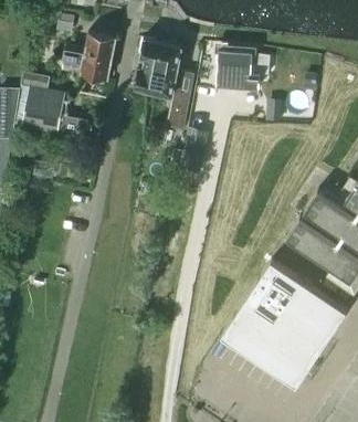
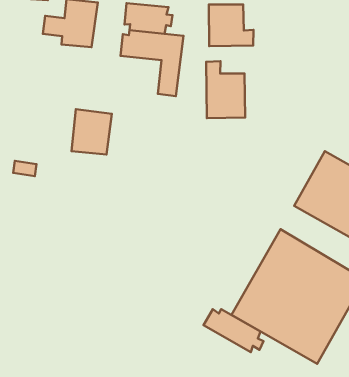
building: [23,89,63,134] -> [72,109,112,155]
building: none -> [206,61,245,118]
building: none -> [203,309,264,352]

